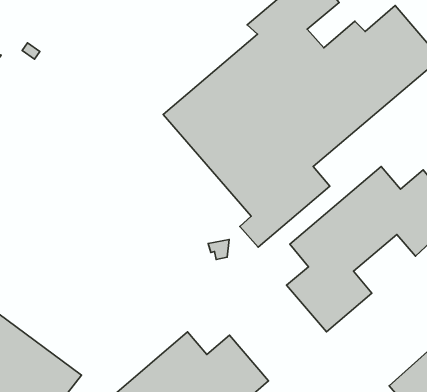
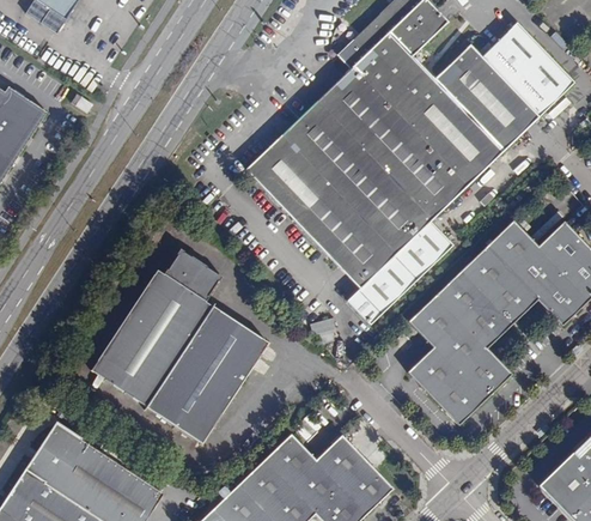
building: none -> [91,249,275,446]

